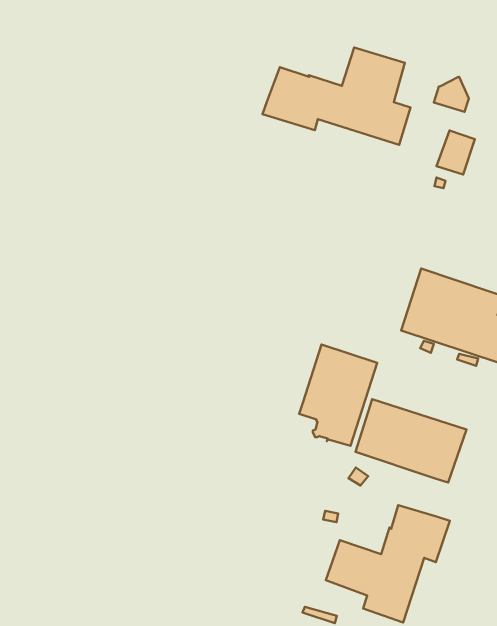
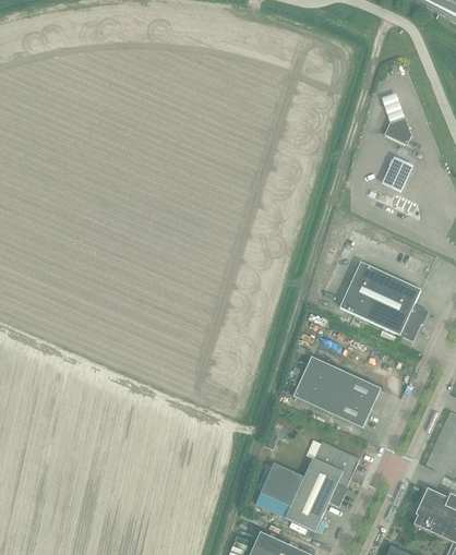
building: [263,47,410,145] -> none
building: [299,345,377,446] -> none

